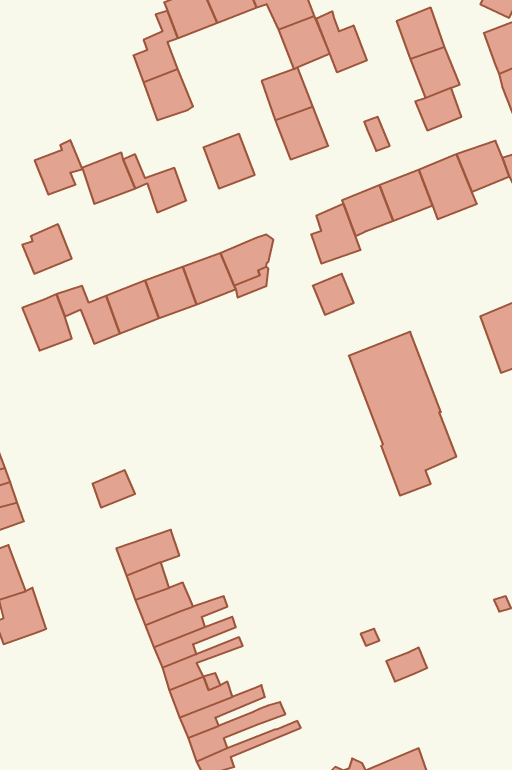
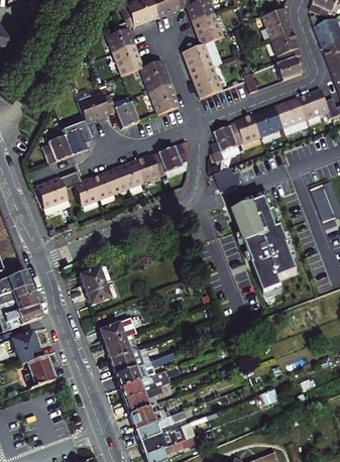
building: [316,11,367,72] -> none
building: none -> [138,61,168,91]
building: [35,140,82,195] -> [62,124,90,156]
building: none -> [76,264,107,290]

